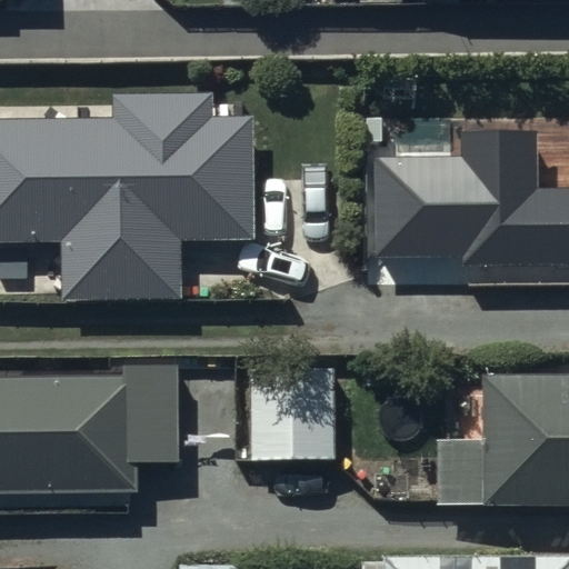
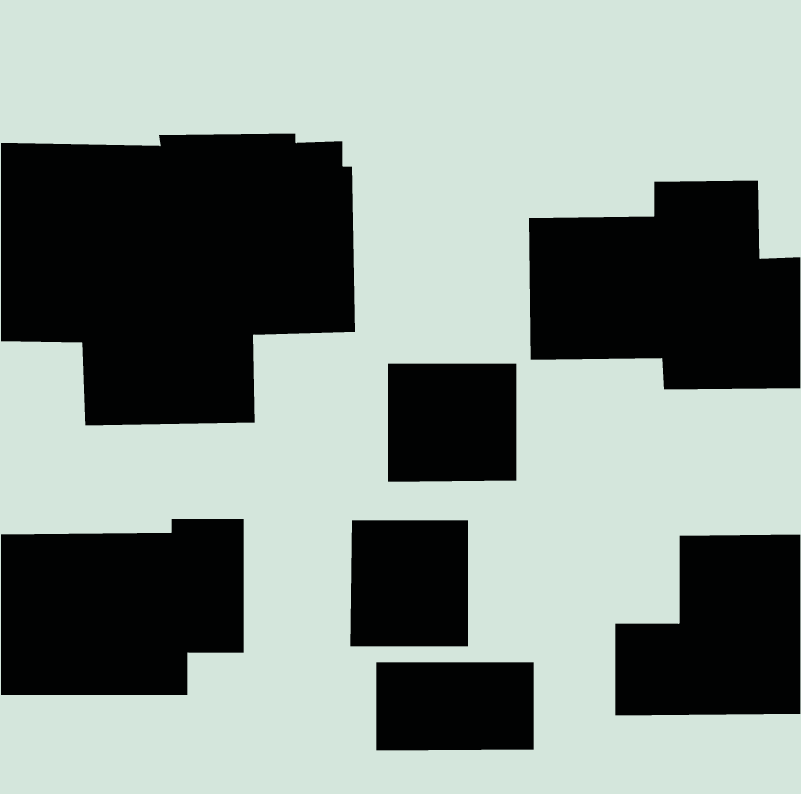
building: none -> [388,363,517,483]
building: none -> [376,661,534,751]

